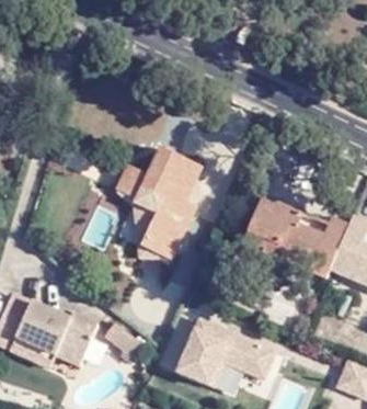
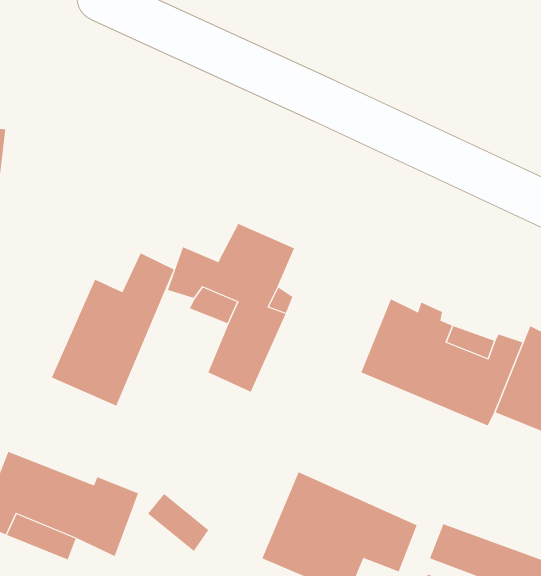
building: none -> [51,252,175,407]

